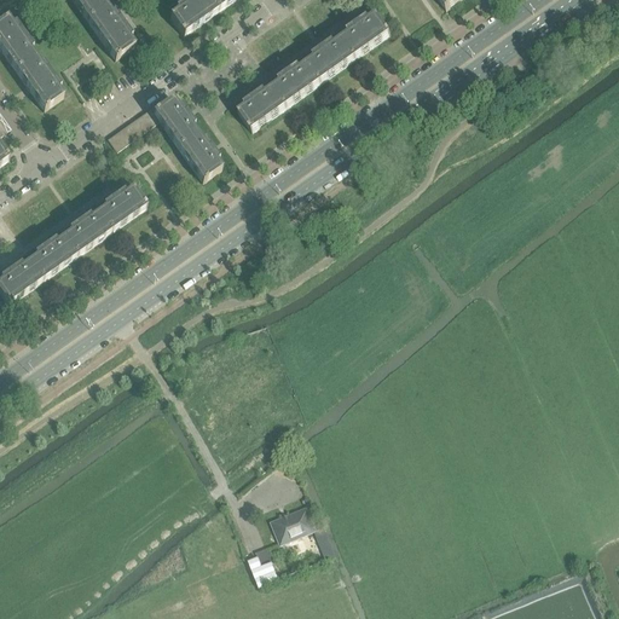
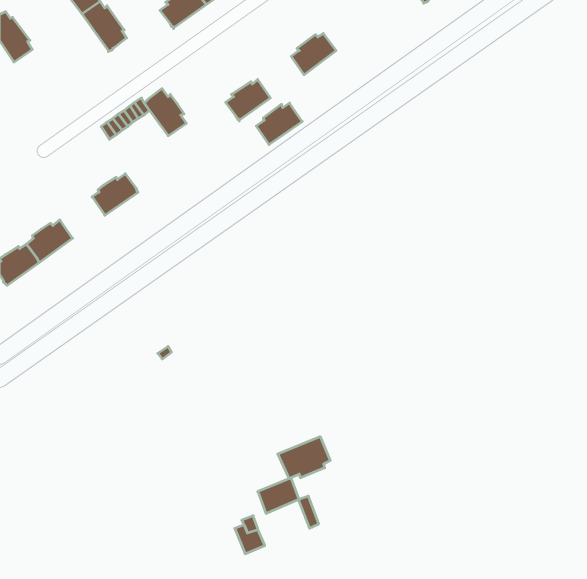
building: [340,10,389,53] -> none
building: [15,52,62,105] -> none
building: [271,59,319,103] -> [256,103,302,145]
building: [177,129,220,178] -> none
building: [63,207,110,250] -> none
building: none -> [278,437,330,479]

